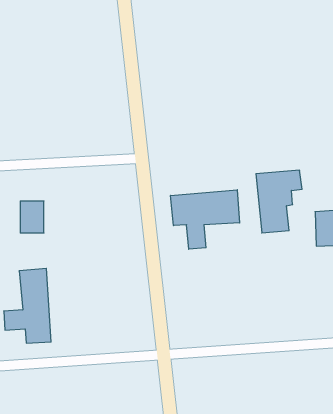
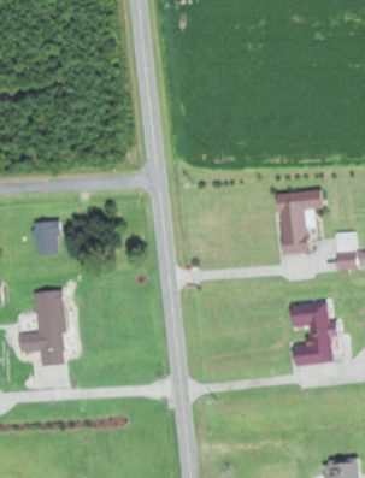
building: [171,190,240,249] -> none
building: none -> [289,300,336,365]

